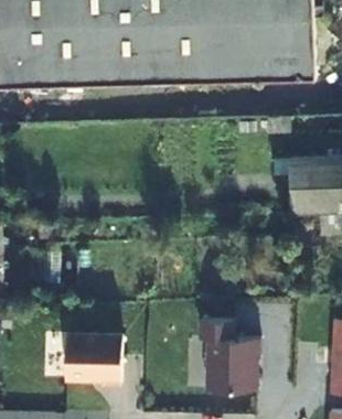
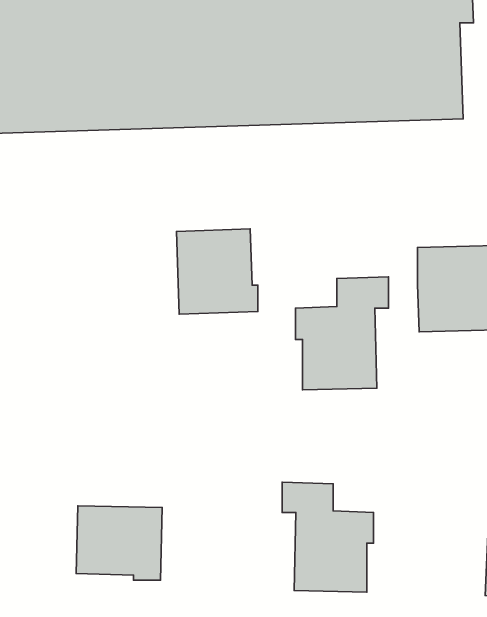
building: none -> [177,229,258,314]
building: none -> [295,277,389,390]

